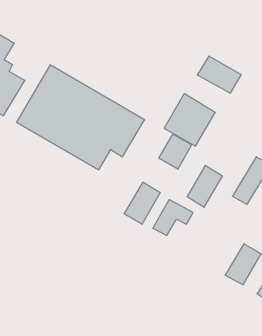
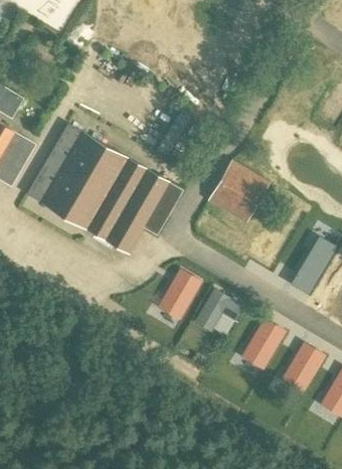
building: [197,56,241,93] -> none
building: [159,134,192,169] -> none
building: [187,165,222,207] -> [242,318,286,369]

